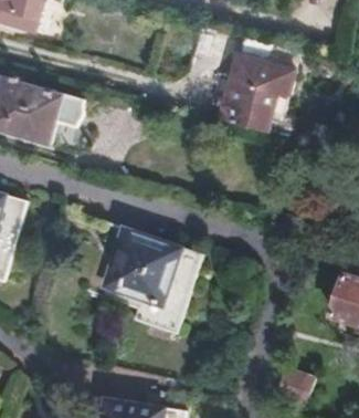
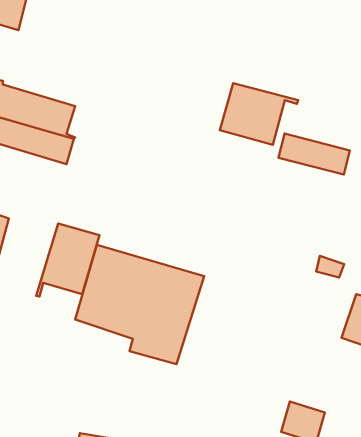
building: [231,56,296,94] -> [279,134,350,175]
building: none -> [36,223,100,296]

